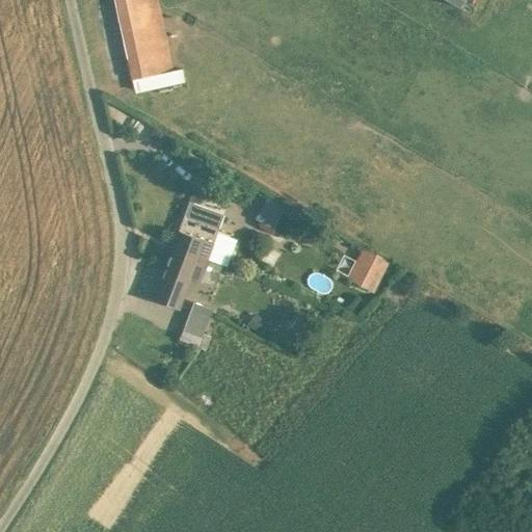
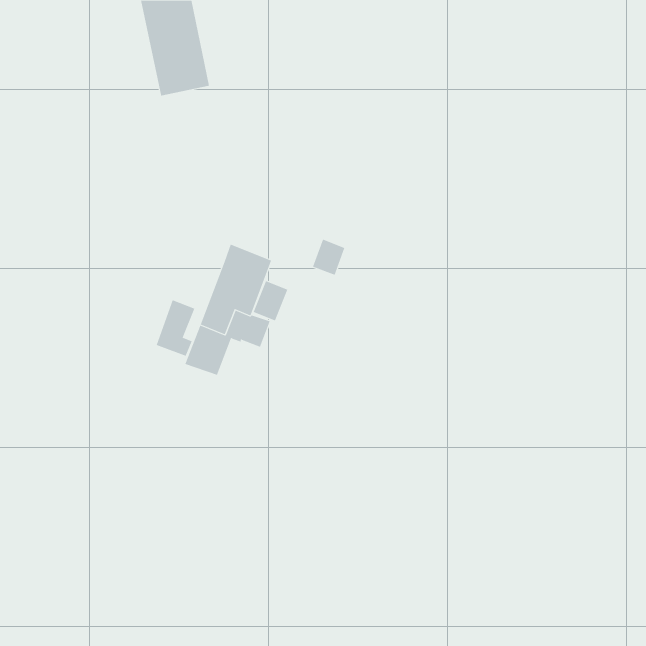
building: [346,246,390,291] -> none
building: [180,301,212,348] -> [156,299,195,356]

